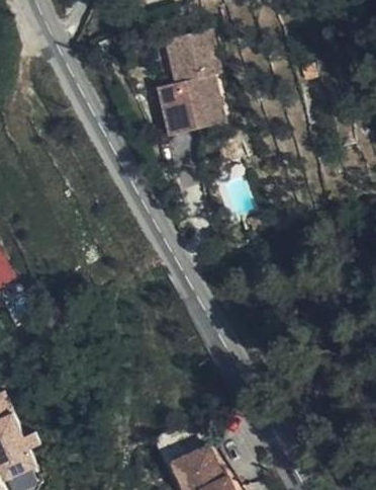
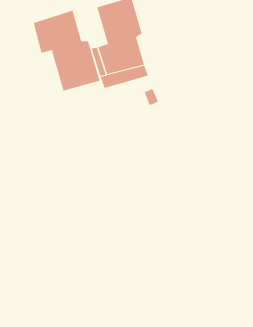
building: none -> [33,10,100,91]

